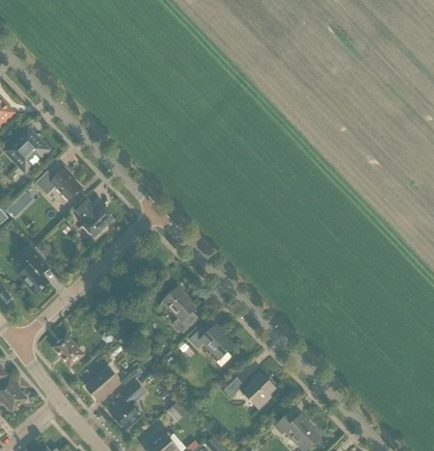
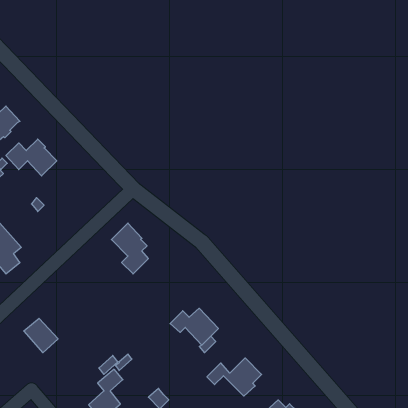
building: [74,198,113,237] -> none
building: [162,285,197,333] -> [111,223,148,274]
building: [86,367,119,401] -> none

